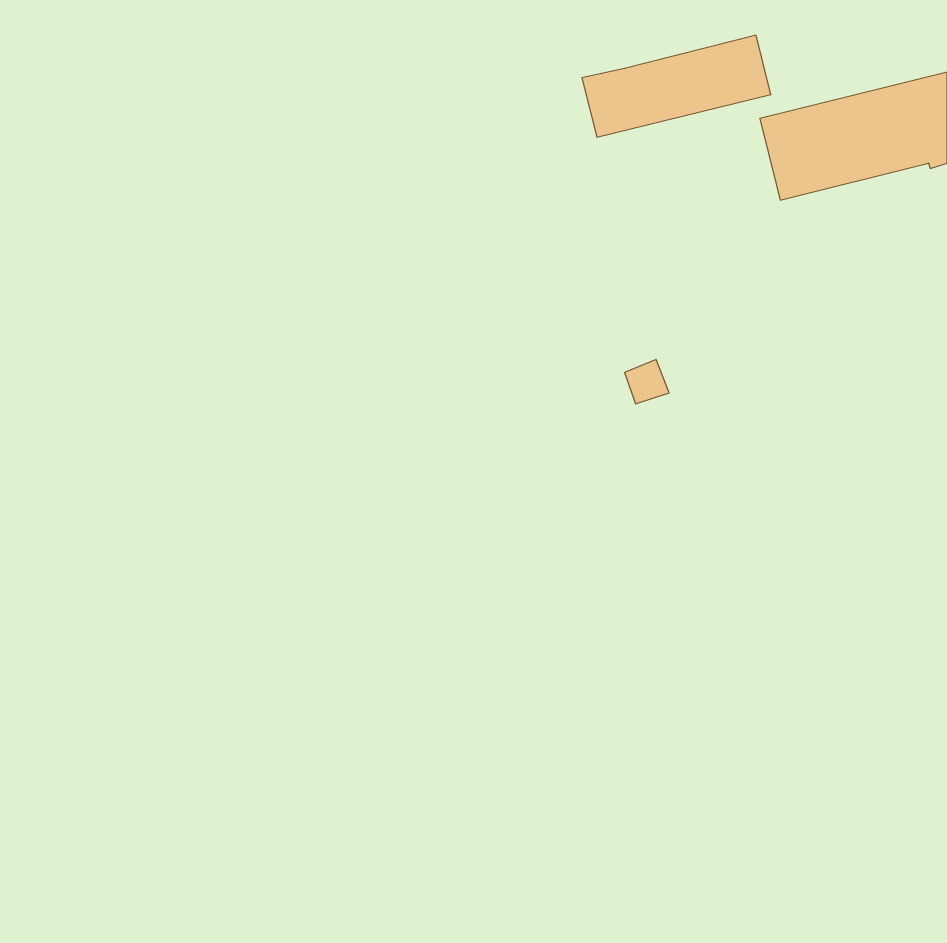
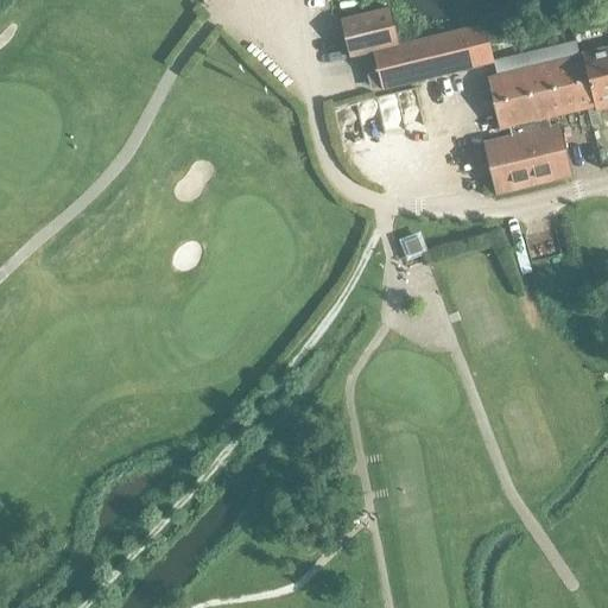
building: none -> [341,7,400,56]
building: none -> [483,124,572,192]

